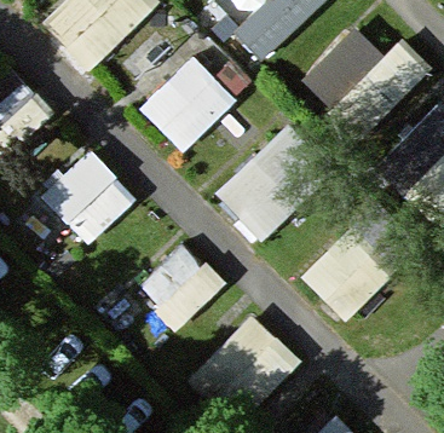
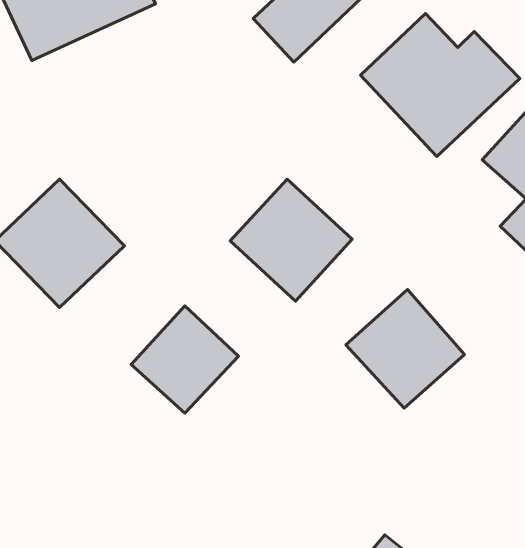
building: [138,54,236,151] -> none
building: [198,313,300,415] -> none

